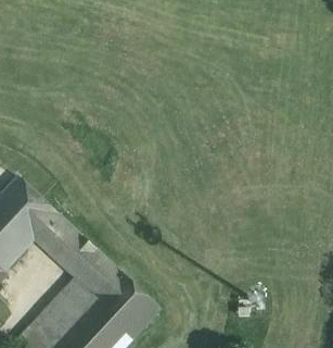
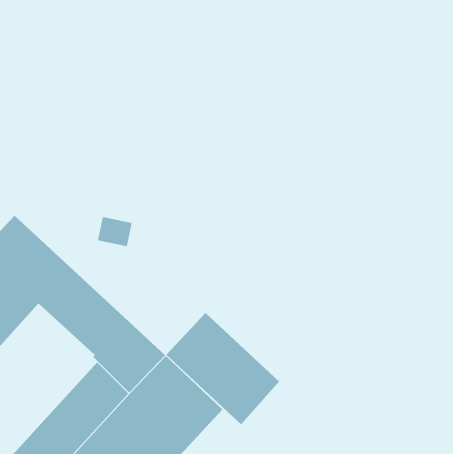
building: none -> [166,312,280,425]

